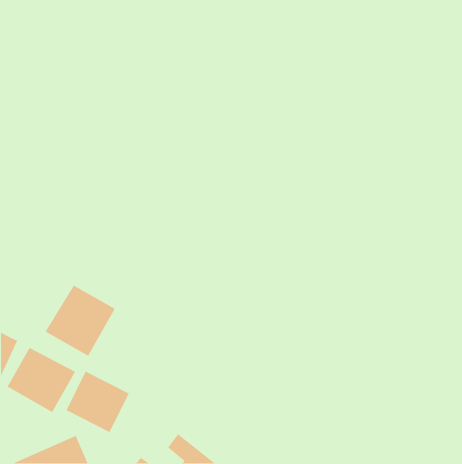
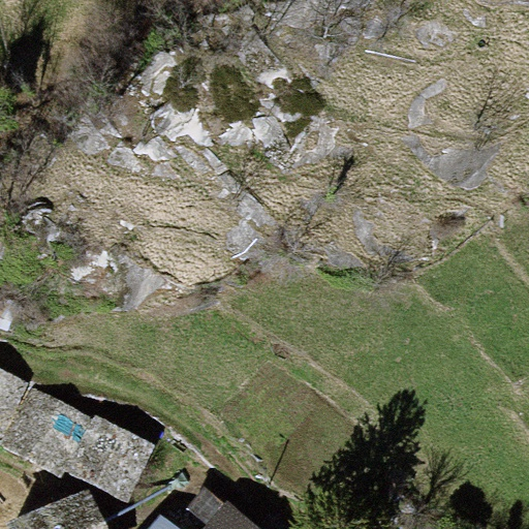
building: [44,285,116,357] -> none

